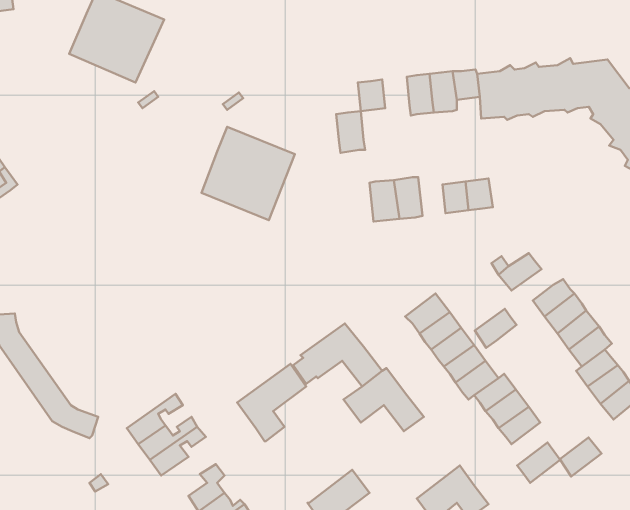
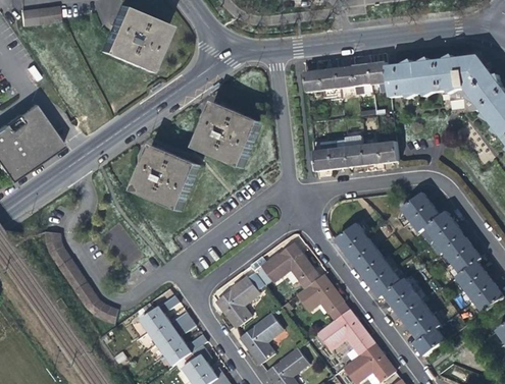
building: [336,111,365,153] -> [321,68,342,98]
building: none -> [347,135,366,167]
building: none -> [132,148,198,213]
building: [475,309,516,348] -> [413,205,443,232]
building: none -> [320,310,376,354]
building: none -> [242,313,286,364]
building: [560,438,601,476] -> [413,314,443,341]
building: none -> [164,333,207,365]

